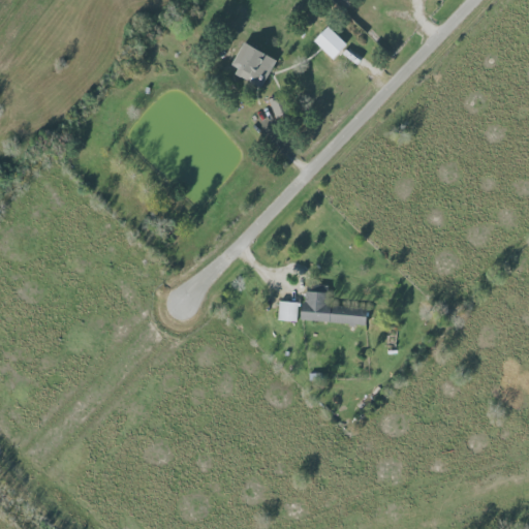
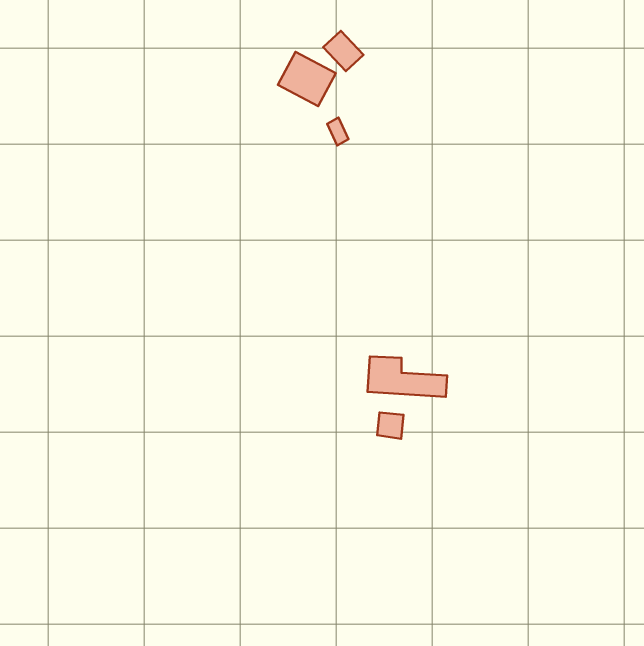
building: [313,26,346,59] -> [323,31,364,71]
building: [277,301,299,322] -> [377,412,404,439]

